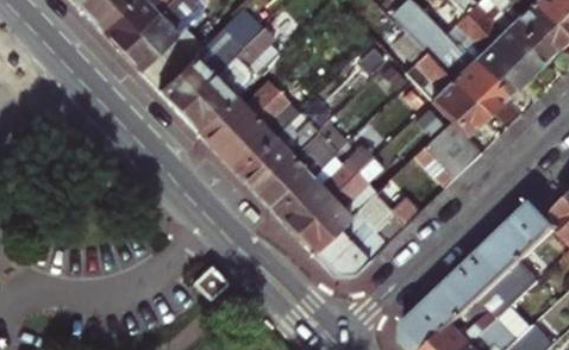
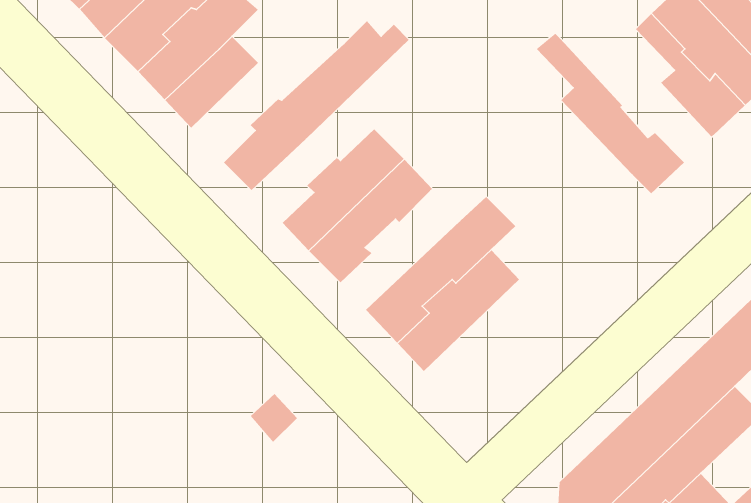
building: [405,19,506,112] -> none
building: [157,20,260,112] -> none
building: [198,77,280,152] -> none
building: [418,120,483,185] -> none
building: [257,131,337,211] -> none
building: [313,190,420,274] -> none

